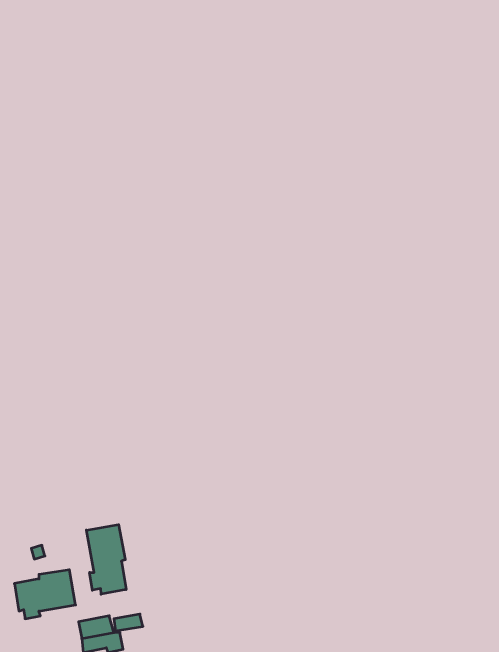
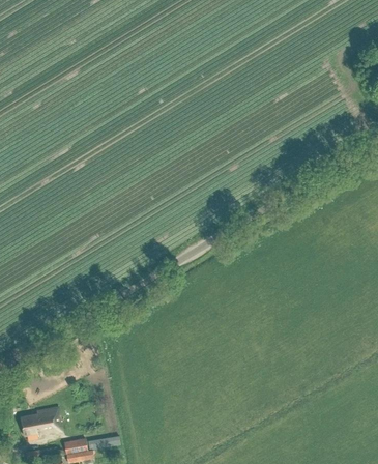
building: [86,525,126,594] -> none

